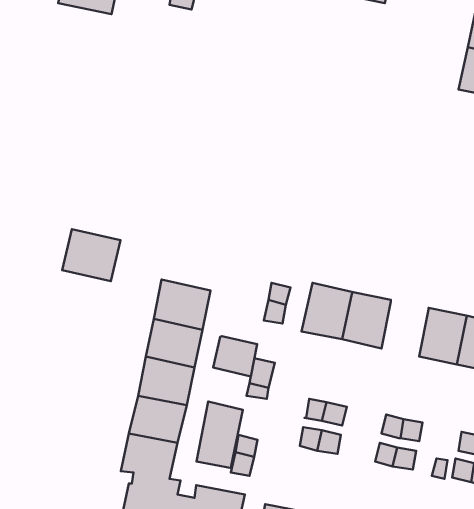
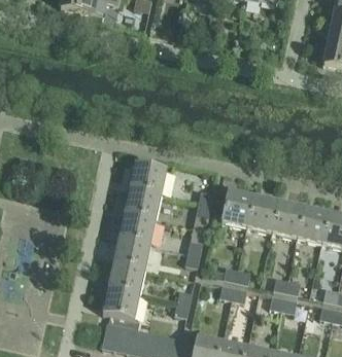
building: [62,229,120,281] -> [129,159,167,193]
building: none -> [273,200,304,237]
building: [213,336,257,376] -> none
building: [197,401,243,468] -> none

